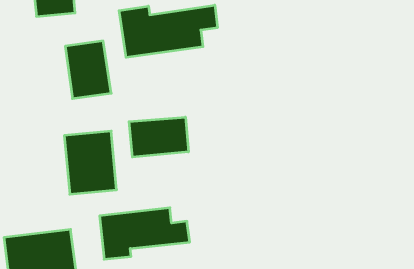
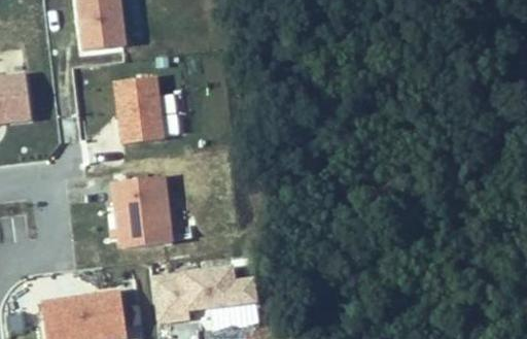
building: [119,5,217,57] -> none
building: [129,117,188,157] -> none

